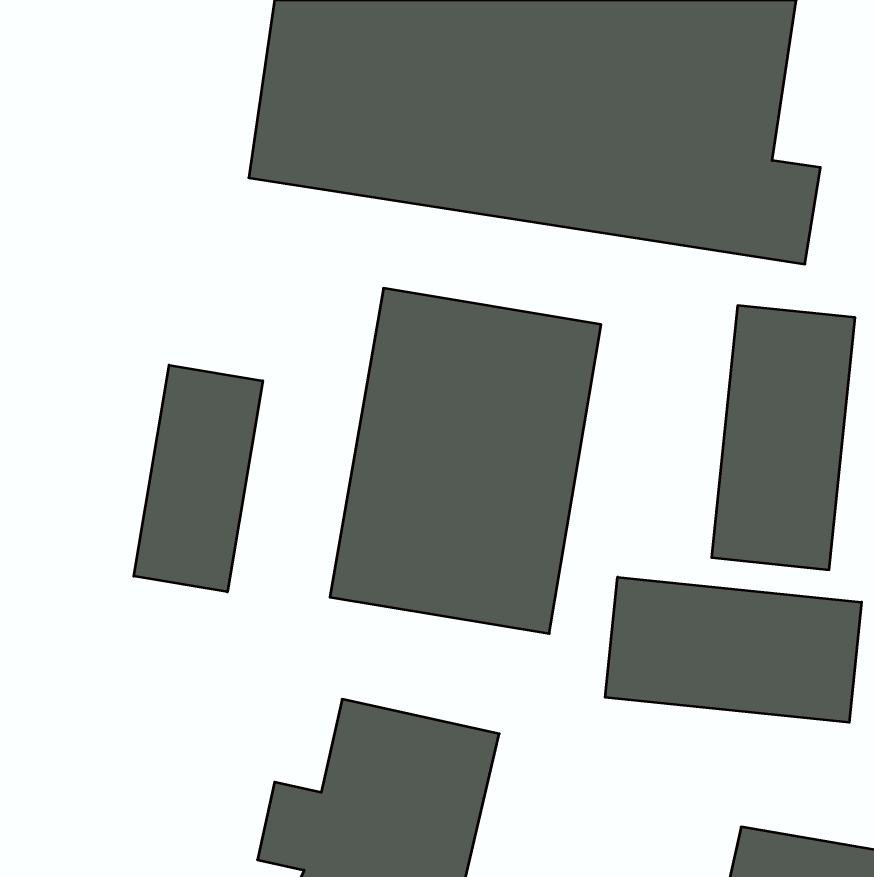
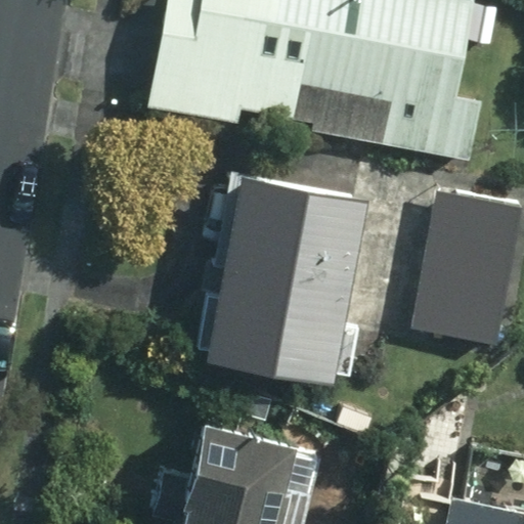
building: [134,365,263,592] -> none
building: [605,577,862,722] -> none

